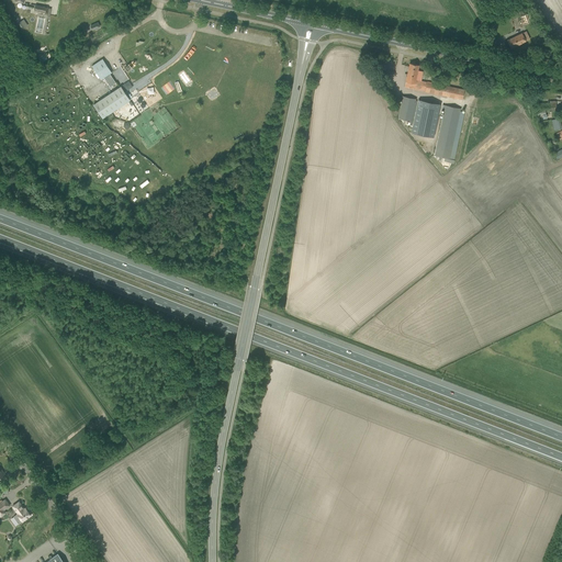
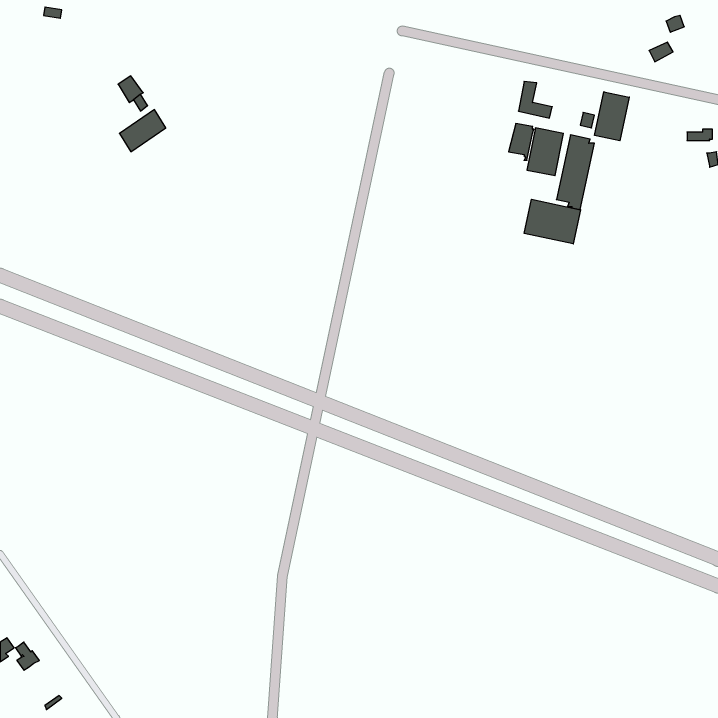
building: none -> [595,92,629,141]
building: none -> [524,199,581,244]

